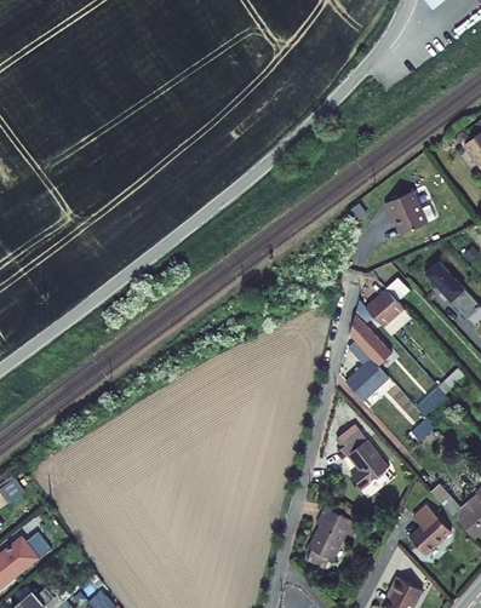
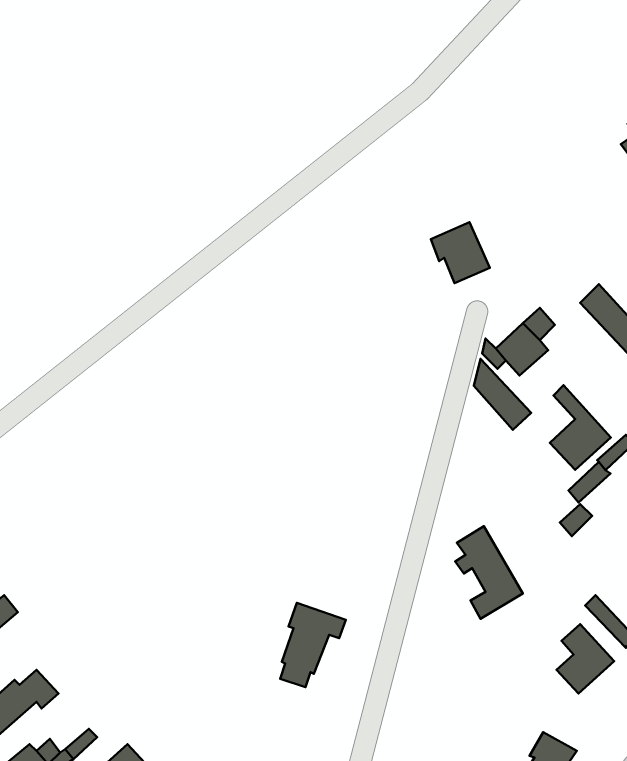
building: [380,199,423,242] -> [431,222,490,283]
building: [345,338,389,398] -> [550,385,611,470]
building: [310,516,357,577] -> [280,603,346,687]

